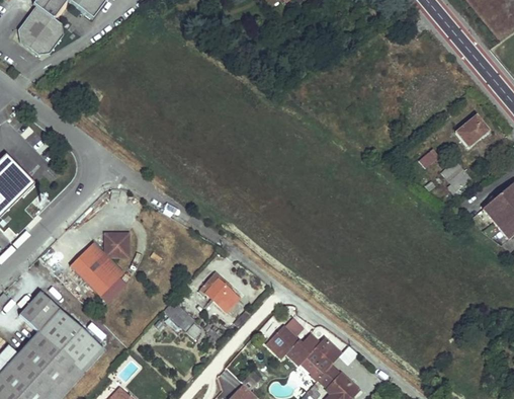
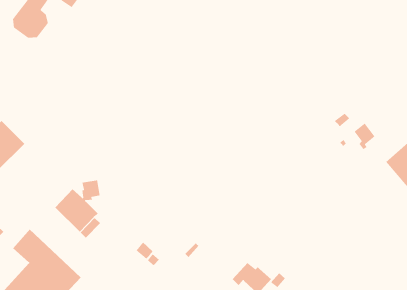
building: [455,113,488,145] -> none
building: [200,271,238,310] -> none
building: [265,323,311,355] -> none

